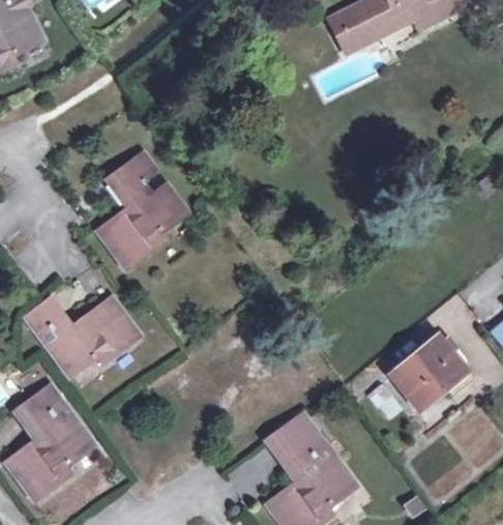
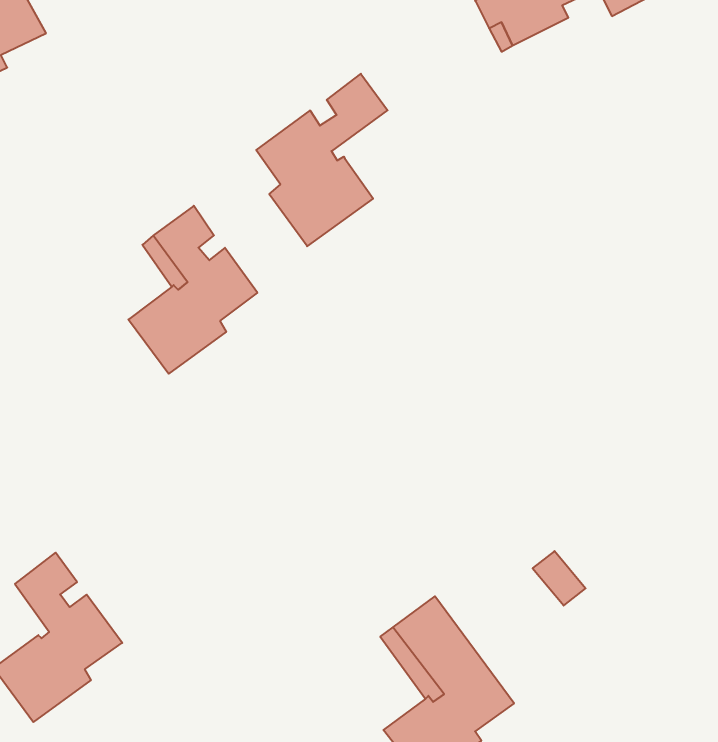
building: none -> [256,74,388,246]
building: [27,296,139,376] -> none
building: [391,337,467,410] -> none

